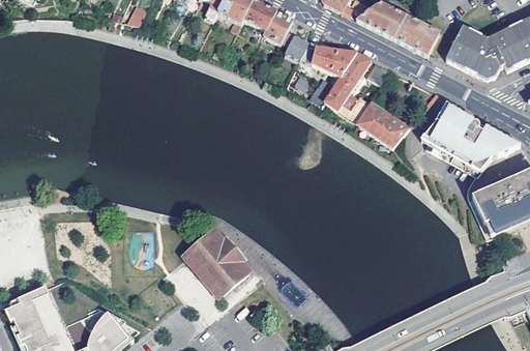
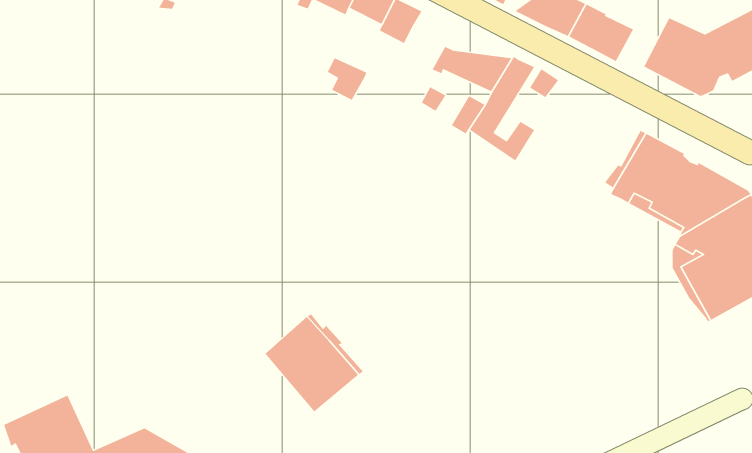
building: [282,30,310,60] -> [327,57,367,101]
building: [357,100,409,147] -> none

